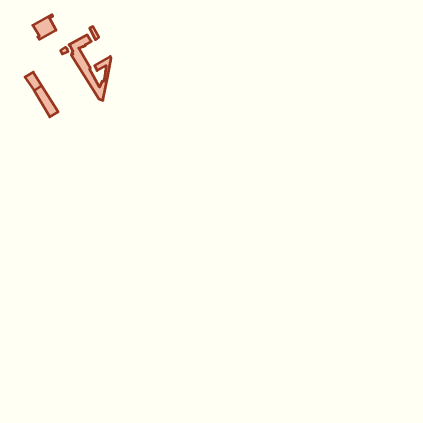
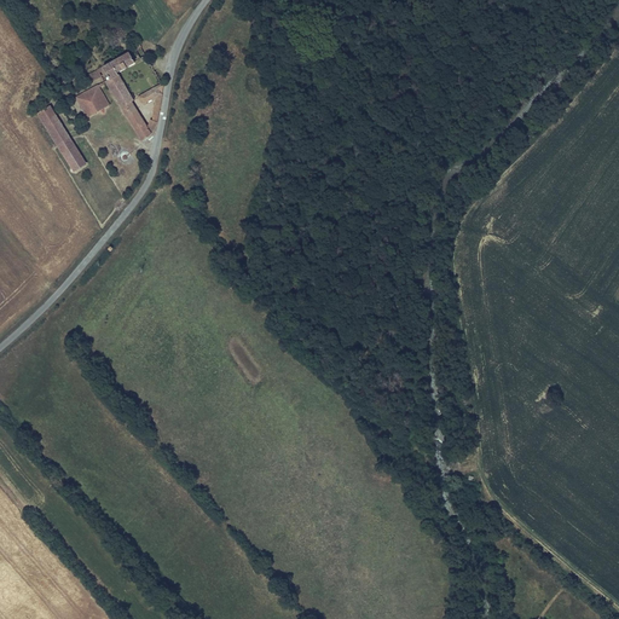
building: [33,15,56,39] -> [74,81,108,117]

